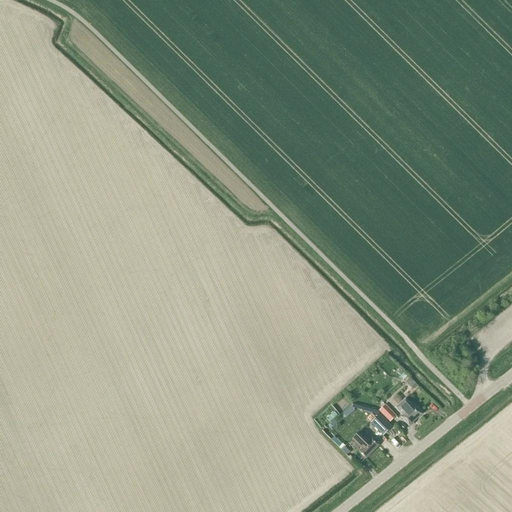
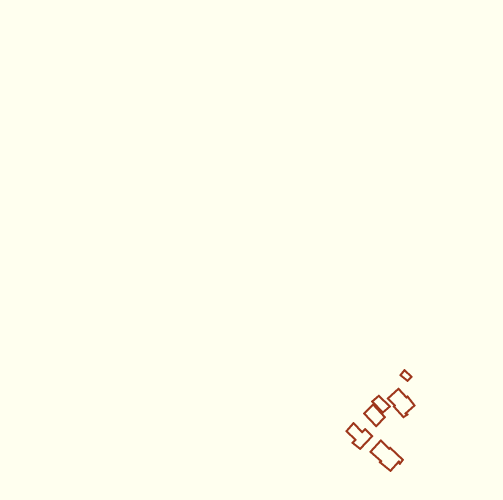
building: none -> [371,441,403,471]

